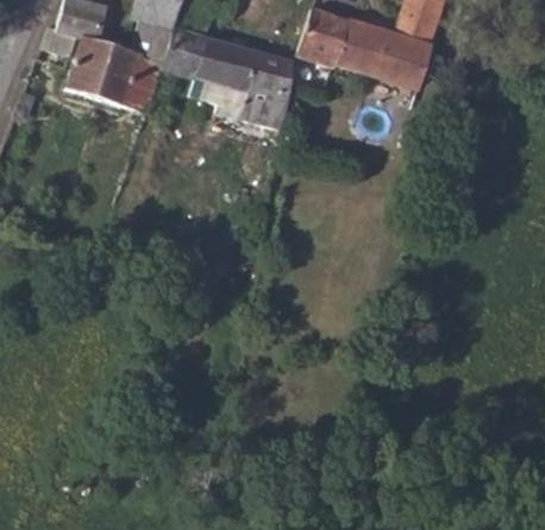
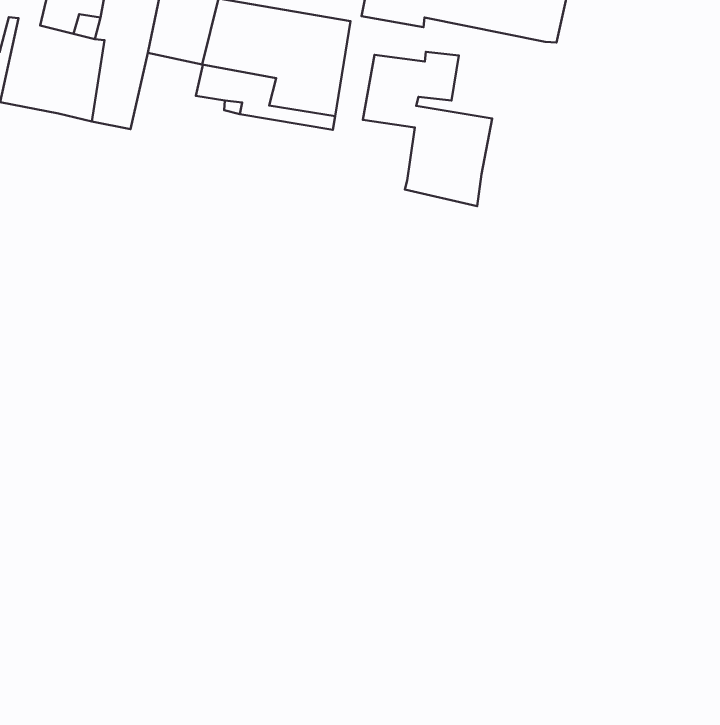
building: none -> [363,52,492,206]

